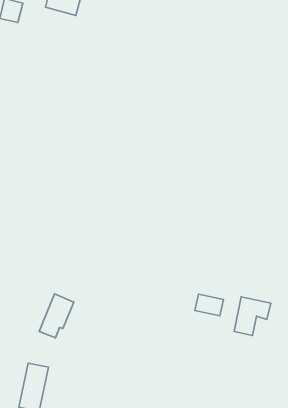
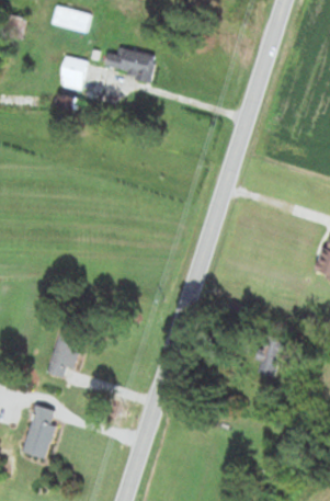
building: none -> [103,46,156,80]
building: none -> [58,56,87,90]
building: [195,294,224,316] -> none

